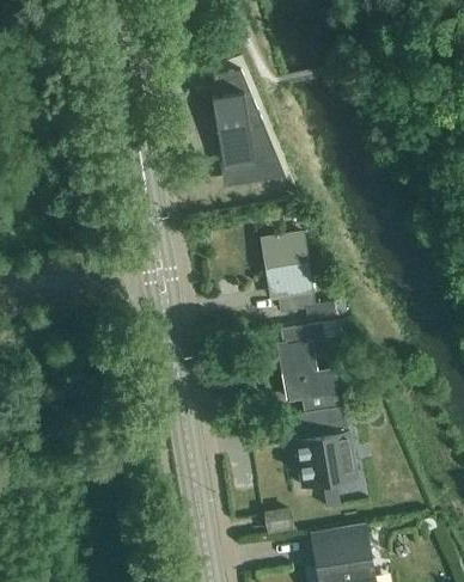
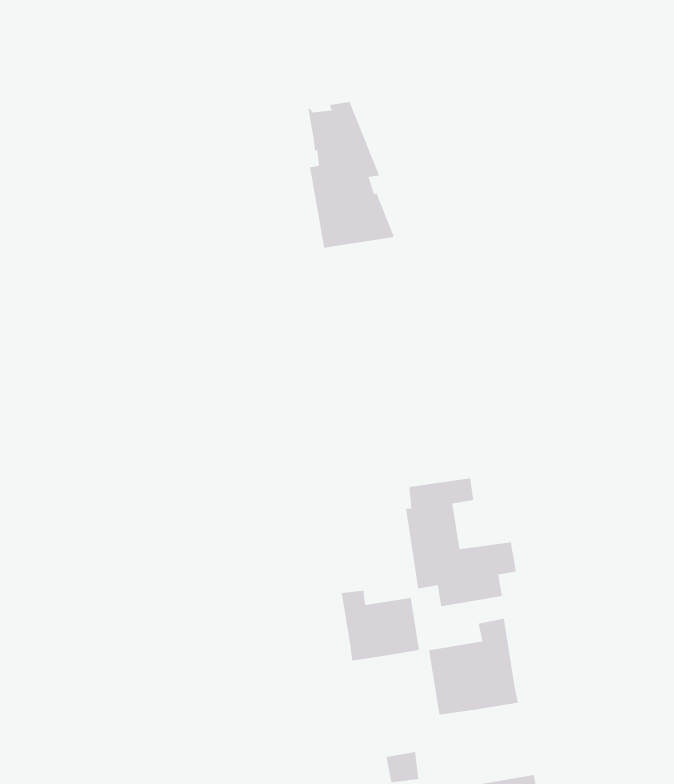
building: [263,235,336,327] -> none
building: none -> [341,590,420,662]

